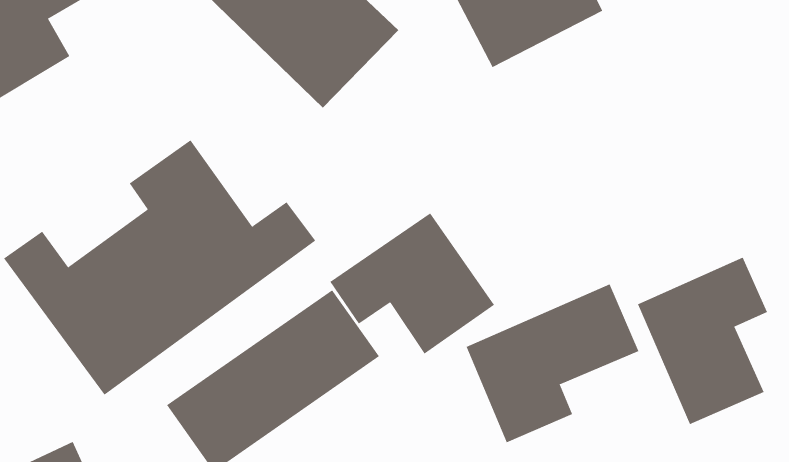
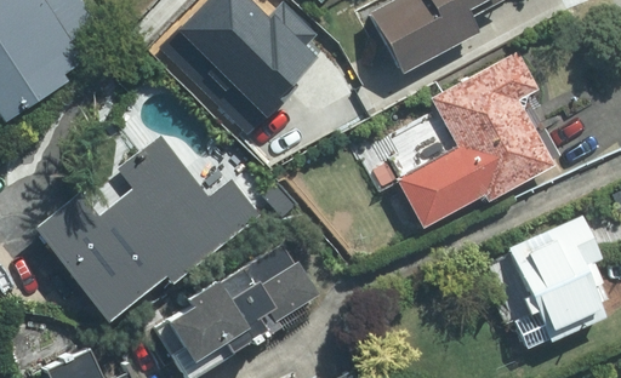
building: none -> [394,51,552,234]
building: [329,213,495,354] -> none
building: [466,284,639,443] -> none

